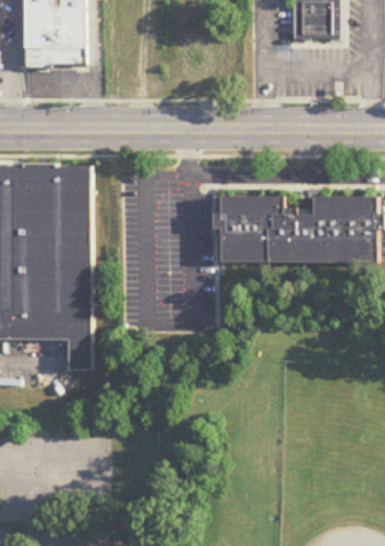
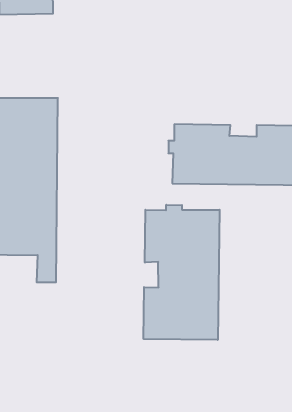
building: none -> [144,205,220,340]

